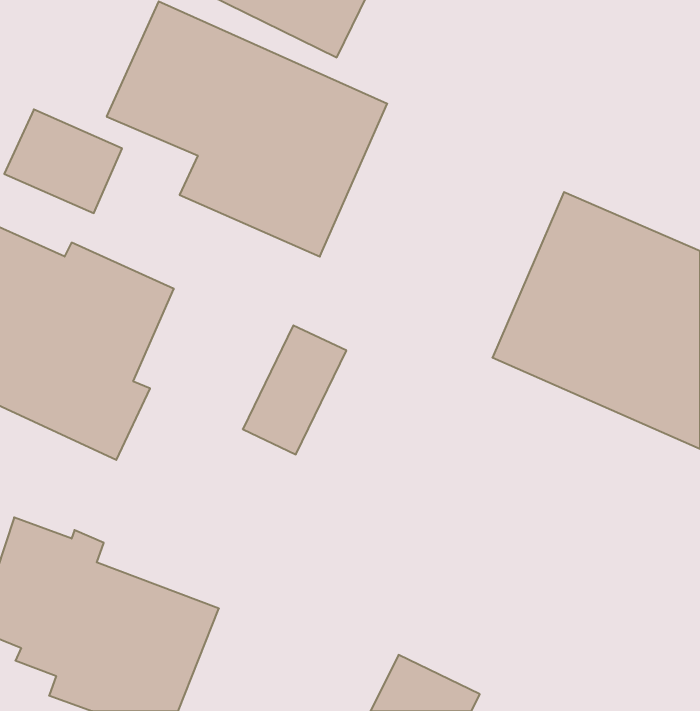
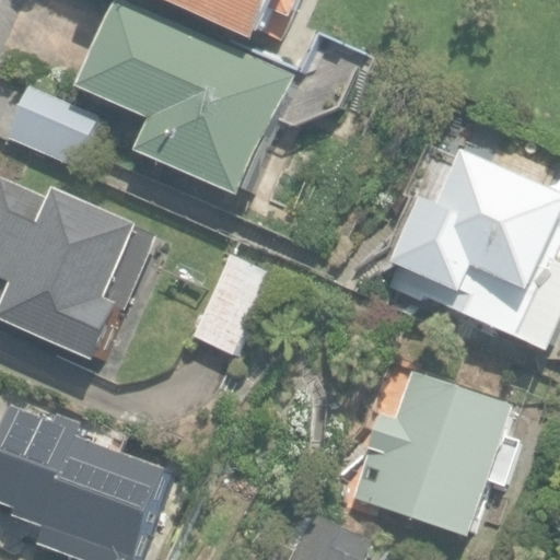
building: none -> [347,368,515,537]

